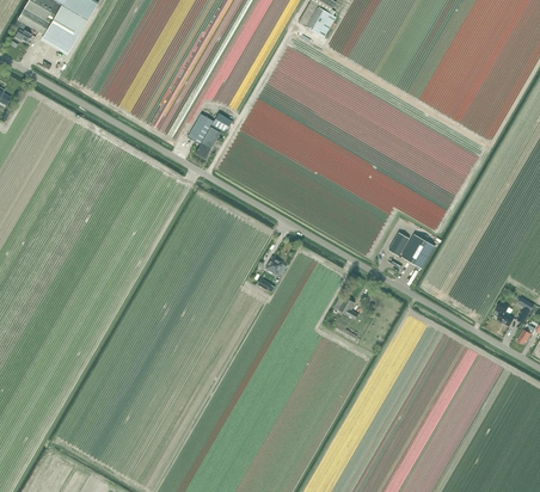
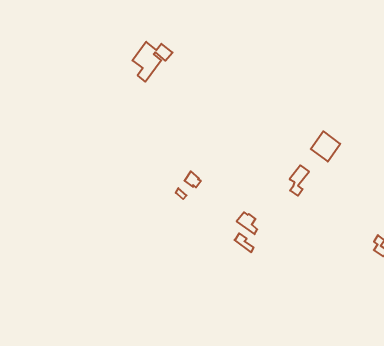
building: [400,235,434,270] -> [311,131,340,162]

